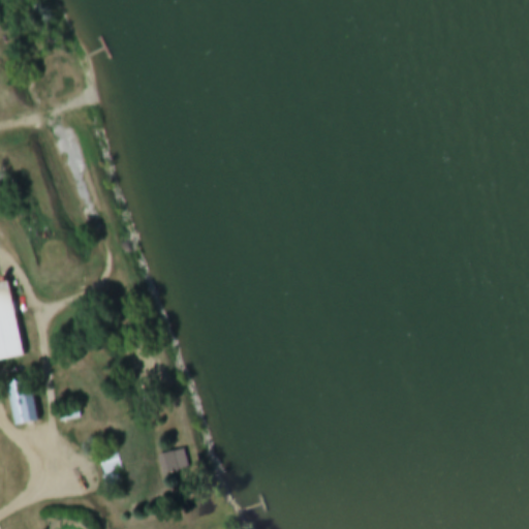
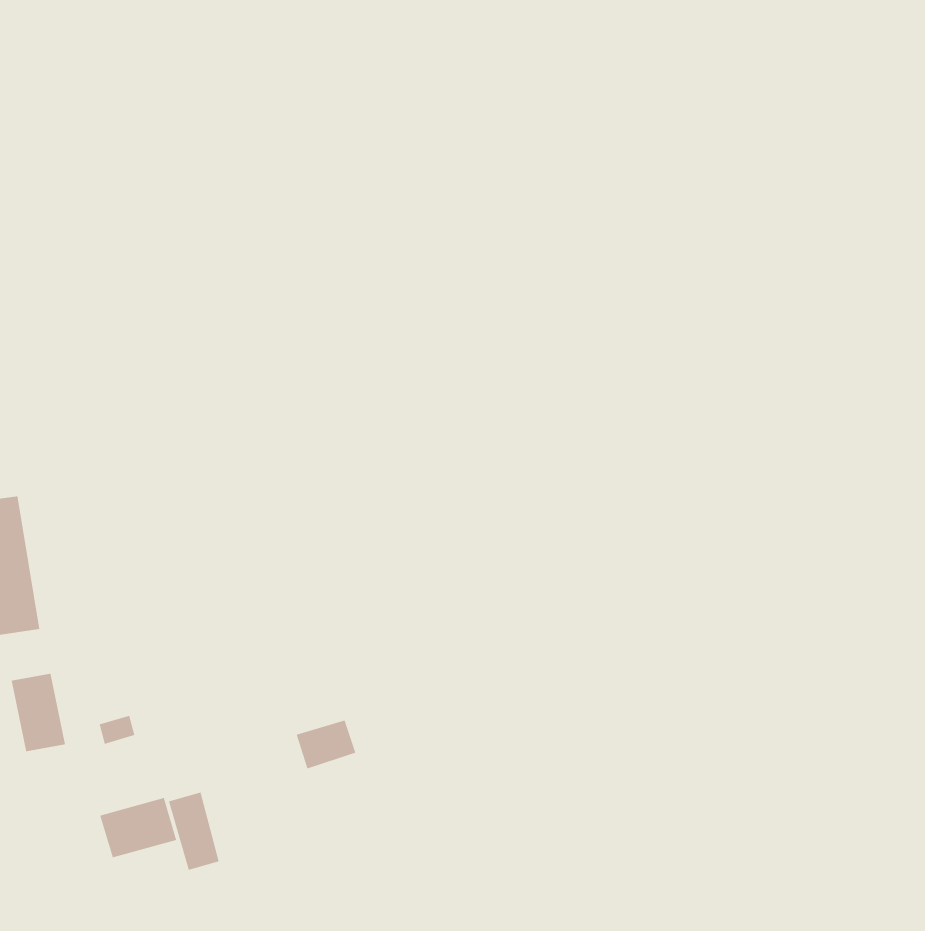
building: [154,447,188,475] -> [296,720,356,769]
building: none -> [100,797,177,858]

